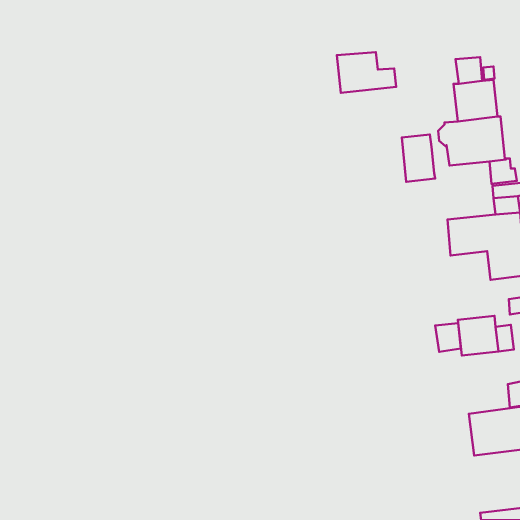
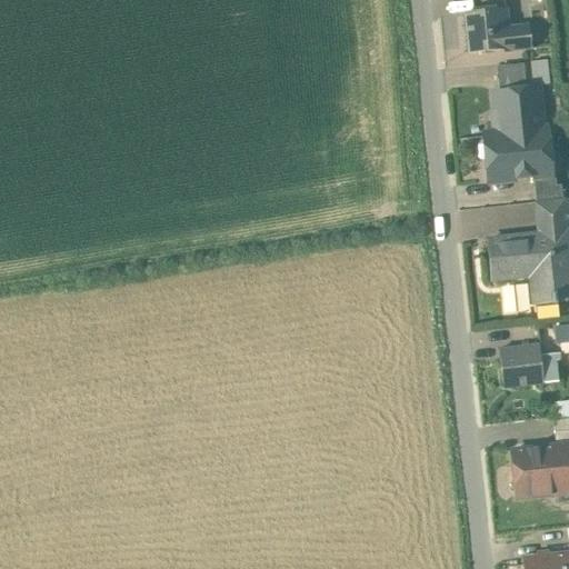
building: [337,52,396,93] -> [466,8,530,52]
building: [402,135,435,182] -> none
building: [435,323,461,352] -> none

